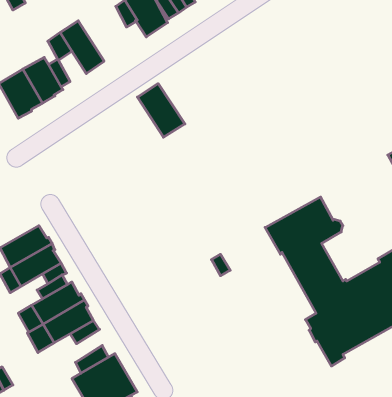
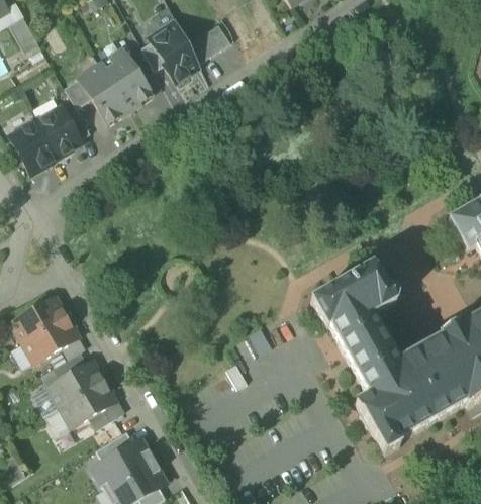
building: [137,84,185,137] -> [99,47,153,108]

